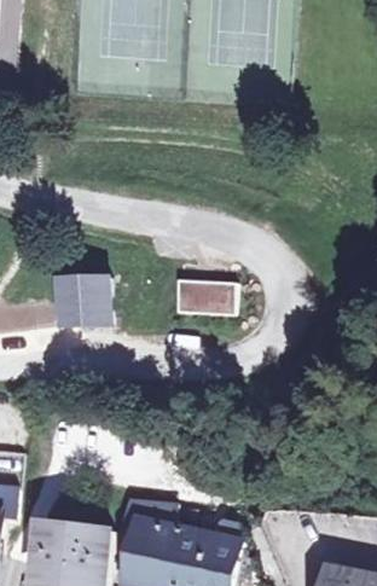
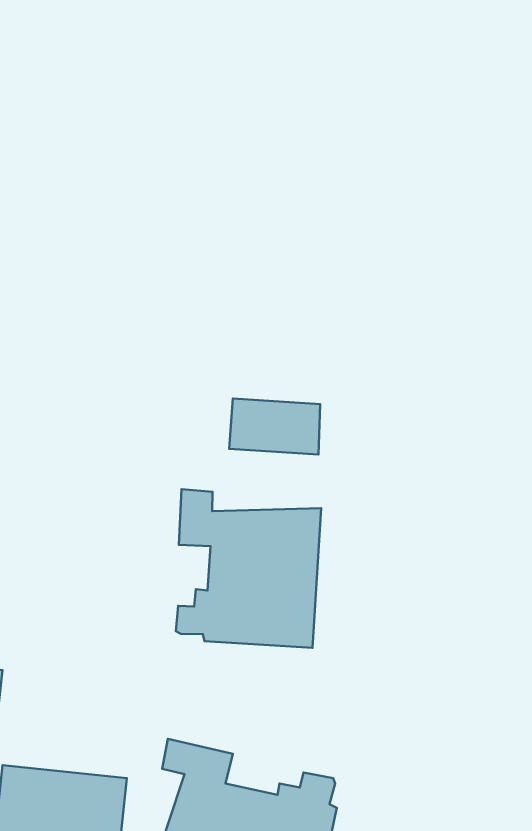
building: [53,279,106,327] -> none
building: none -> [176,489,321,648]

